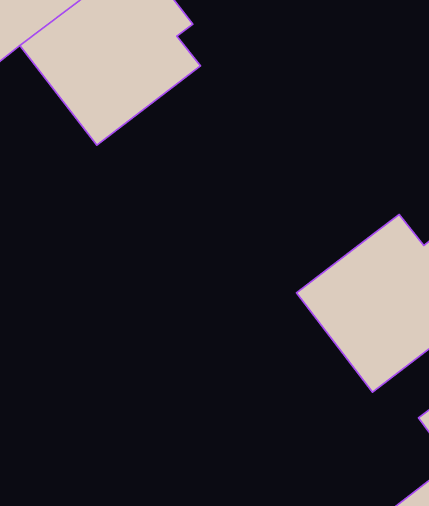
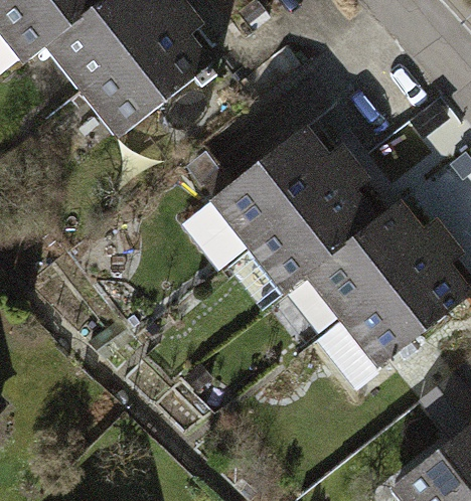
building: none -> [208,129,377,296]

